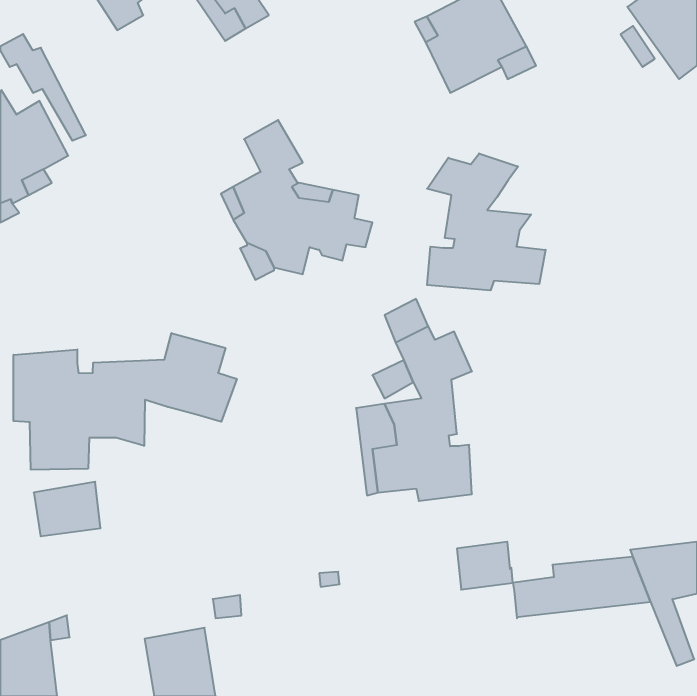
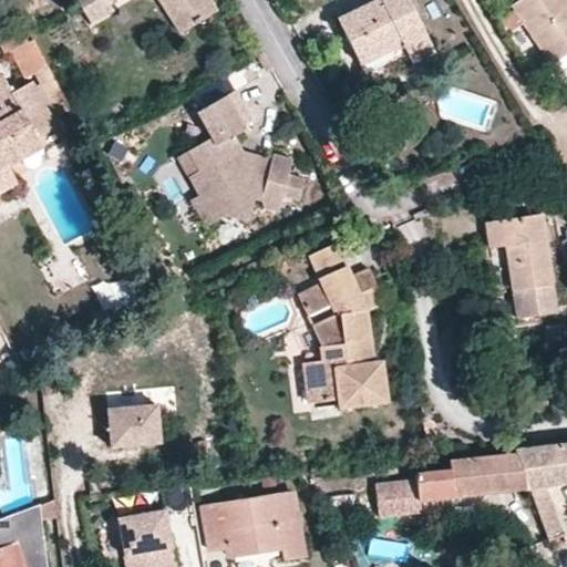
building: [427,153,546,290] -> none
building: none -> [486,214,556,319]
building: [14,333,237,470] -> none
building: [34,482,101,536] -> [105,403,159,447]
building: [457,542,513,590] -> [377,480,422,518]
building: none -> [202,495,305,559]

